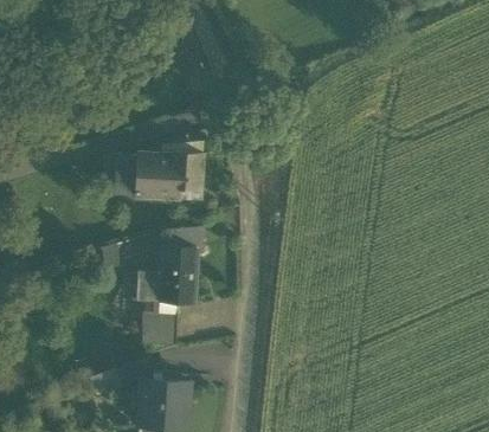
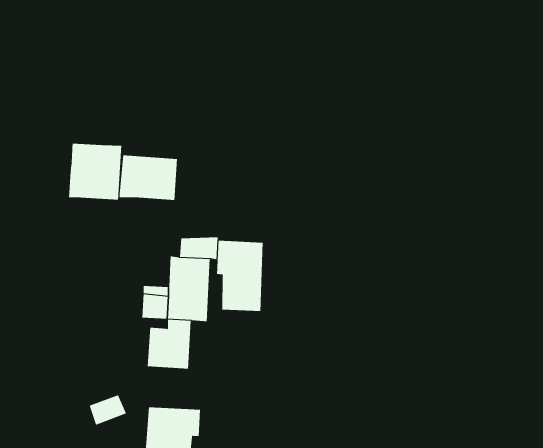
building: none -> [69,143,122,201]
building: [166,153,202,198] -> none
building: none -> [217,240,263,312]

